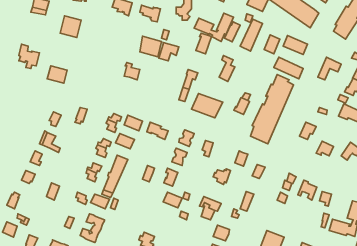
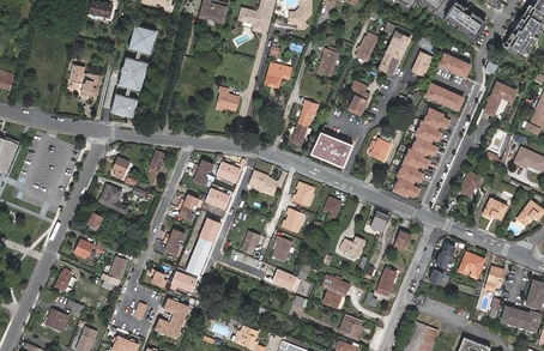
building: [194,13,233,42] -> none
building: [140,36,161,57] -> none
building: none -> [117,58,147,90]

